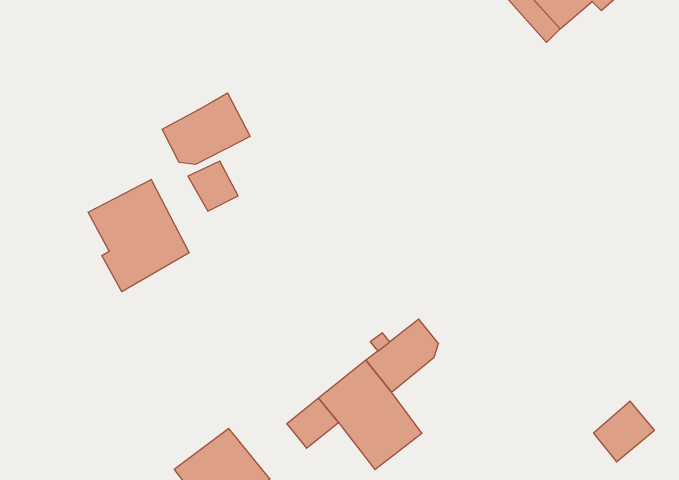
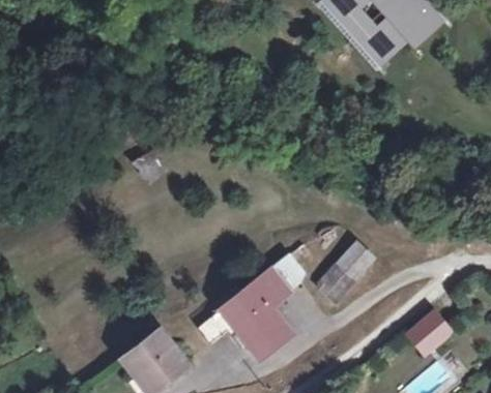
building: [162,93,250,164] -> none
building: [88,179,189,292] -> none
building: none -> [316,244,373,303]

